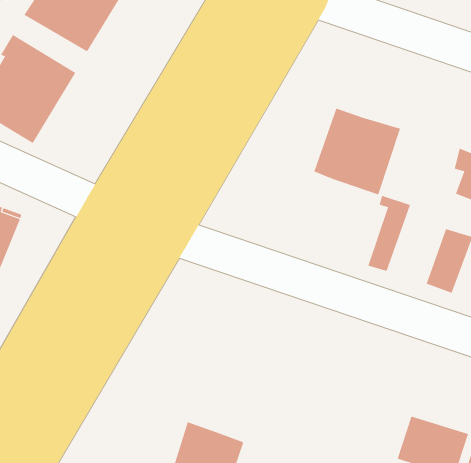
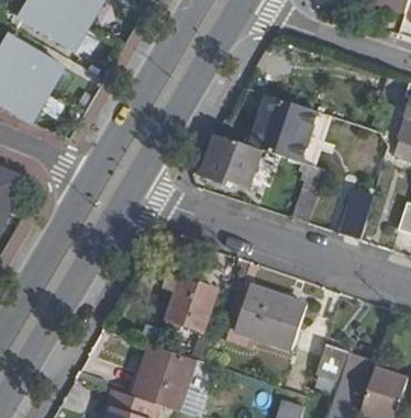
building: none -> [201,133,263,187]
building: none -> [165,272,218,360]
building: none -> [234,287,306,349]

